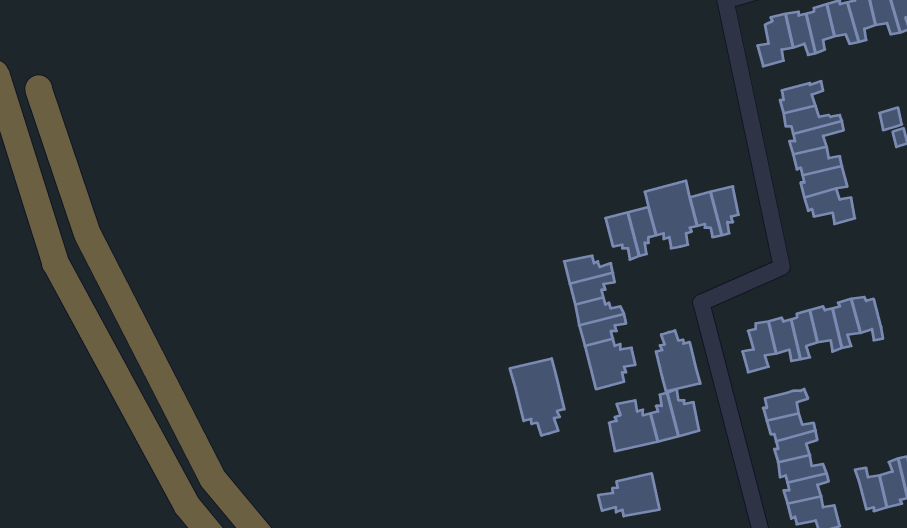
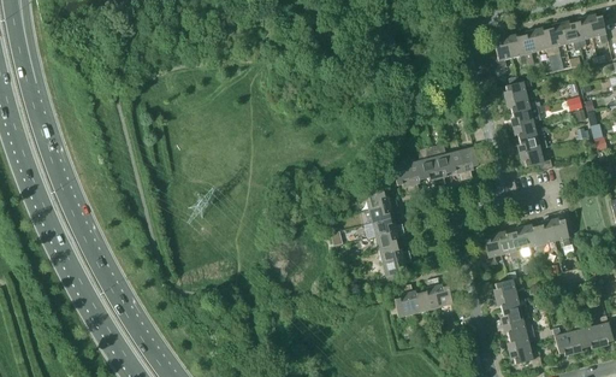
building: [656,330,700,392] -> none
building: [510,358,564,436] -> none
building: [598,473,659,516] -> none

